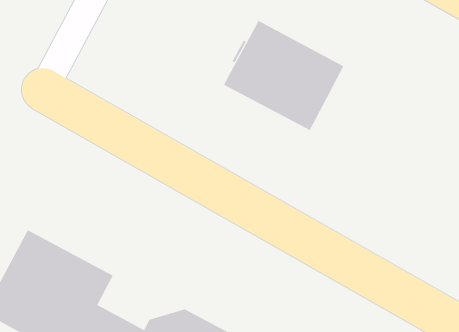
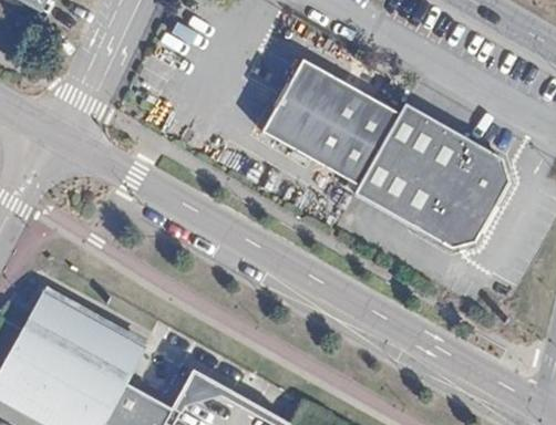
building: none -> [353,100,506,243]

